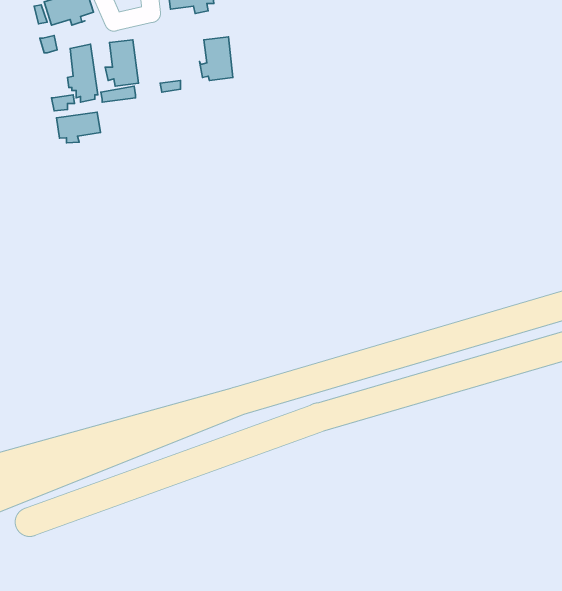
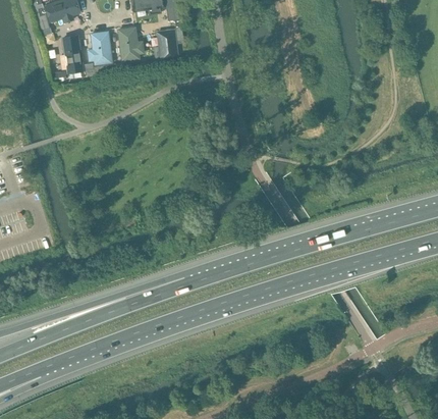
building: none -> [118,27,143,60]
building: [57,112,100,143] -> none

